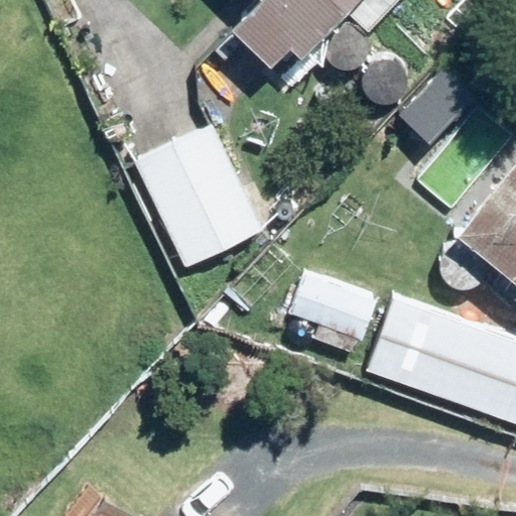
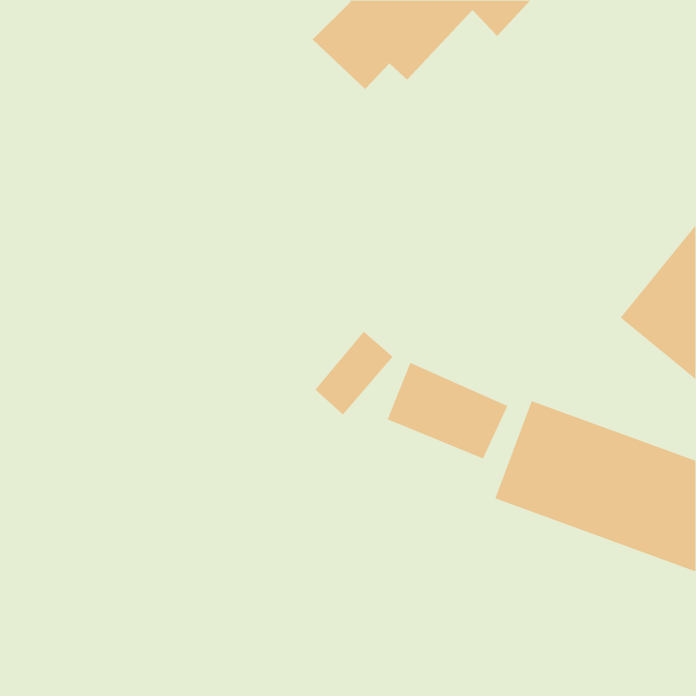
building: [136,125,262,267] -> none

